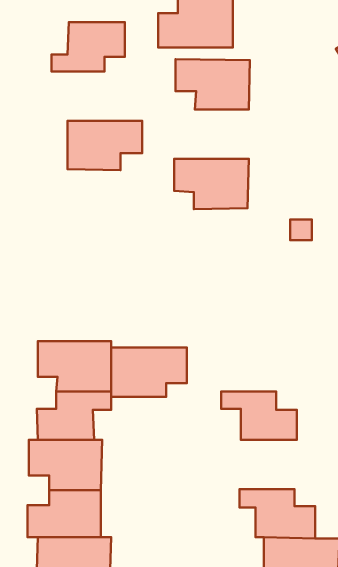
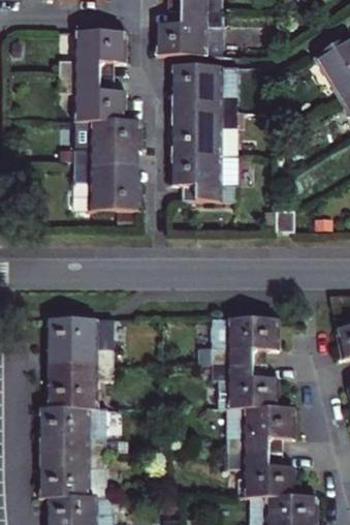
building: none -> [59,75,125,120]
building: none -> [169,110,236,154]
building: none -> [72,163,140,210]
building: [111,348,187,397] -> [212,319,280,364]
building: none -> [228,407,296,452]

